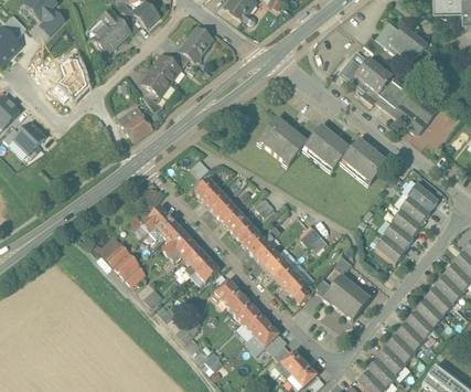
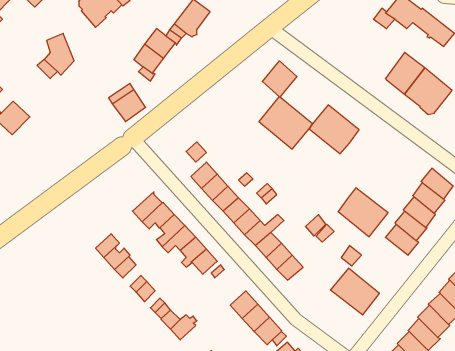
building: [341,57,392,100] -> none
building: none -> [262,61,297,97]
building: [341,138,387,183] -> [338,188,388,237]
building: [283,275,313,305] -> none
building: [212,279,245,310] -> none

